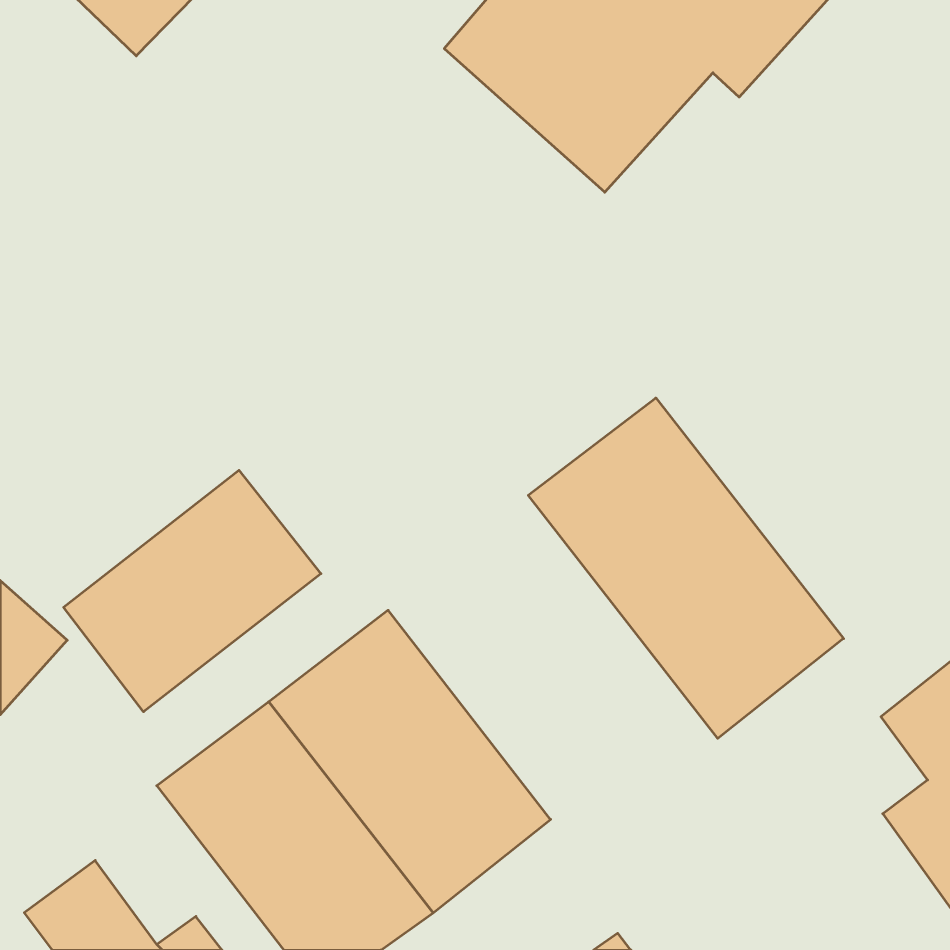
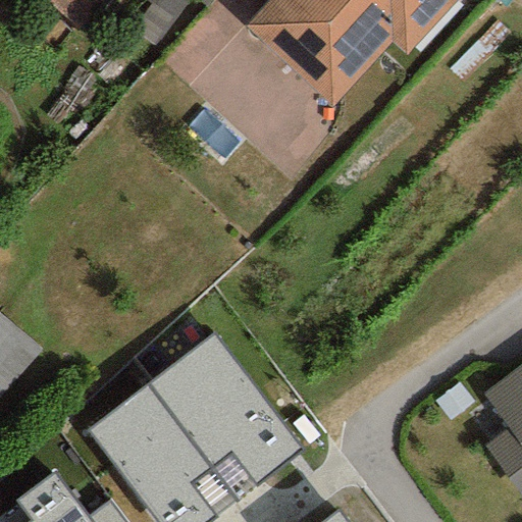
building: [528,398,844,738] -> none
building: [64,470,321,712] -> none

